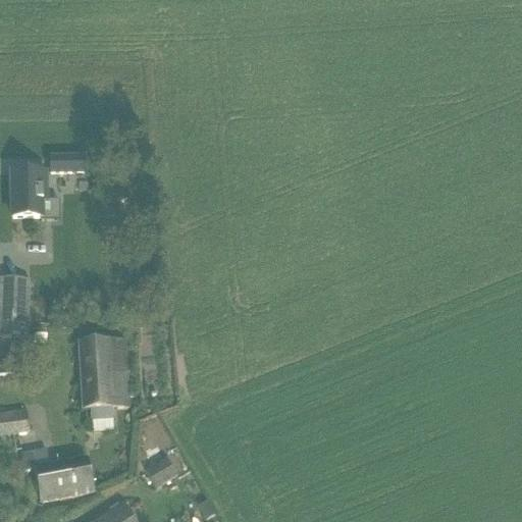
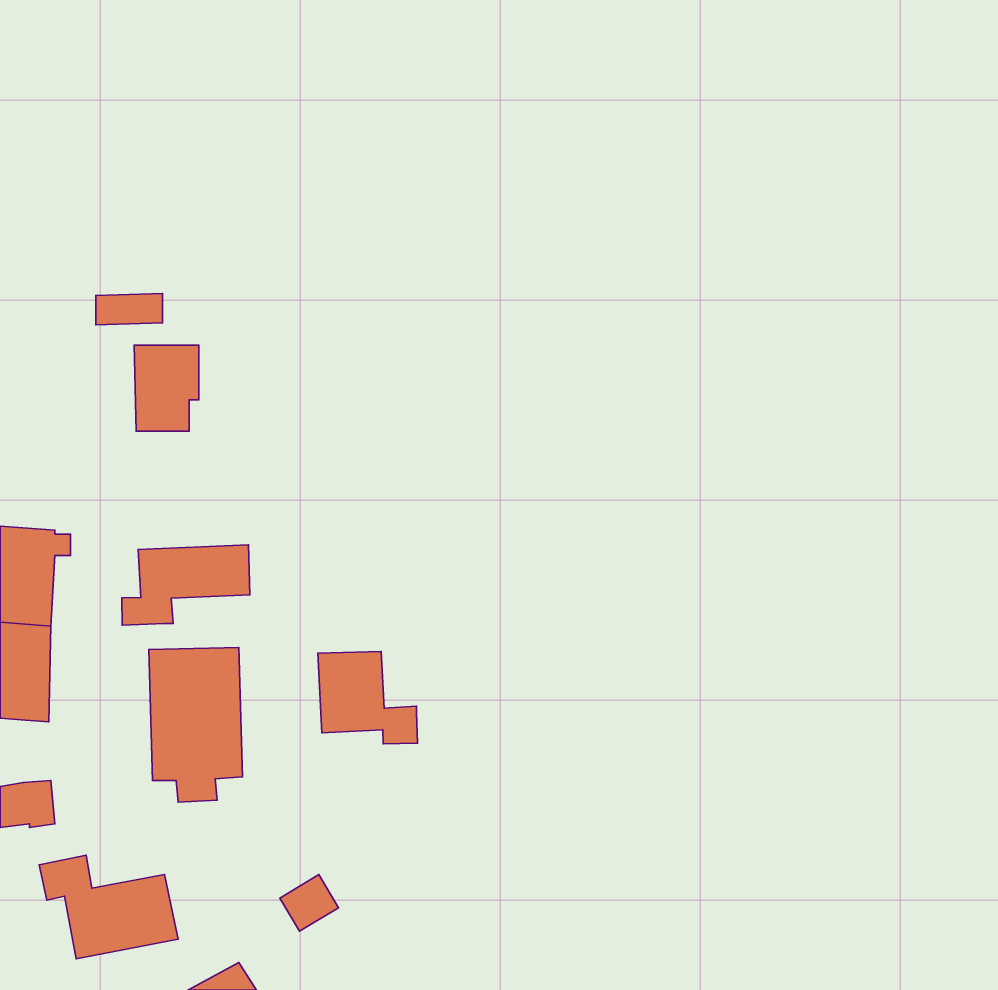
building: [12,169,46,214] -> [134,345,199,431]
building: none -> [122,545,250,625]
building: none -> [318,651,418,744]

